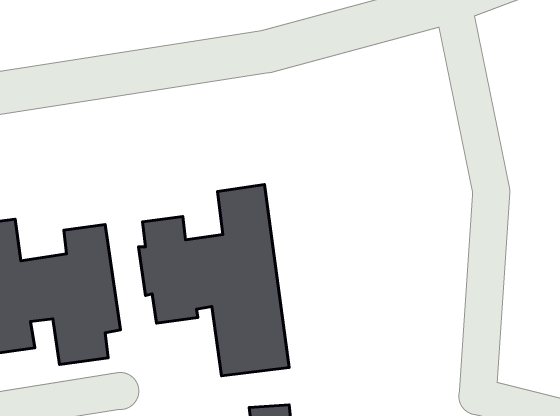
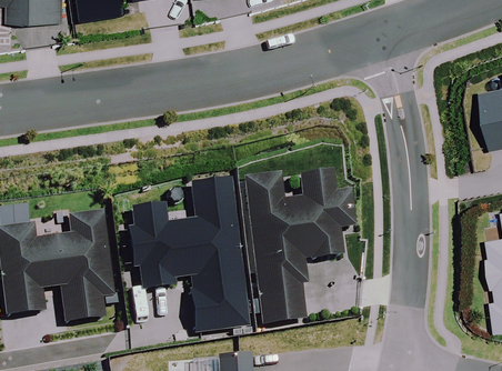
building: none -> [243,172,353,324]

